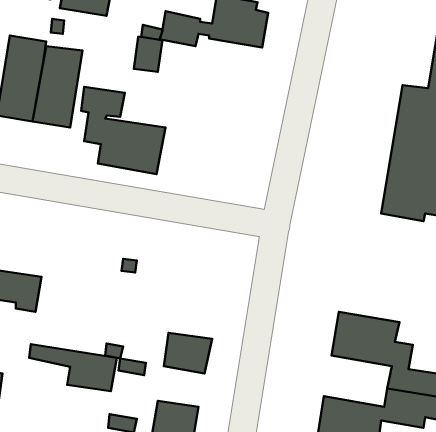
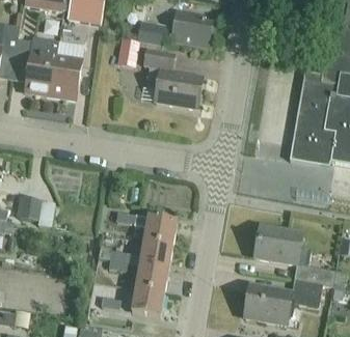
building: [81,87,166,174] -> [143,49,201,109]
building: [29,344,117,391] -> [116,214,177,246]
building: none -> [135,264,167,292]

